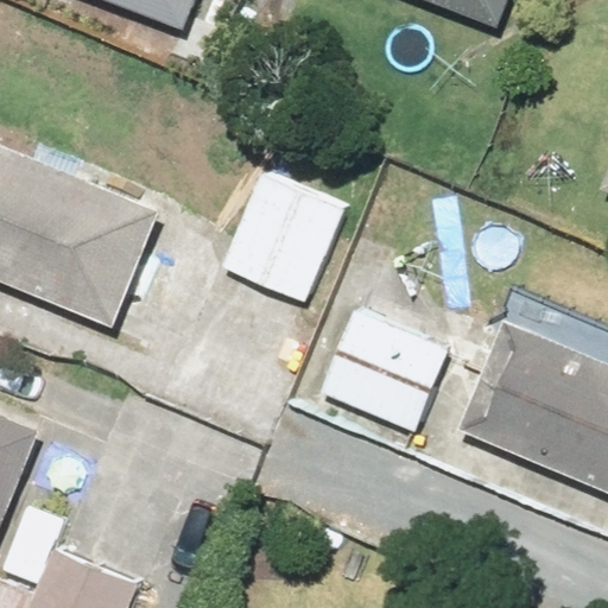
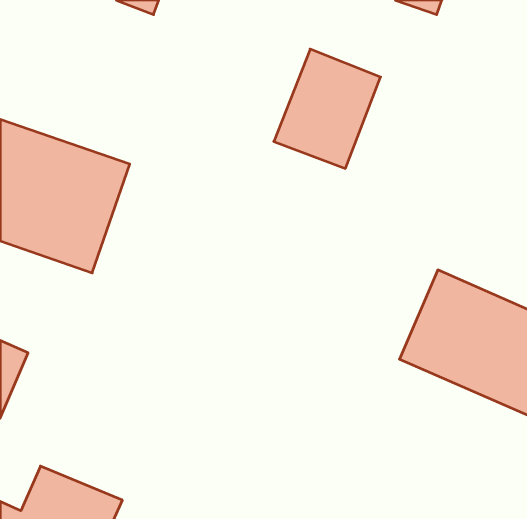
building: [218,170,341,306] -> [274,49,381,168]
building: [316,304,464,438] -> none

